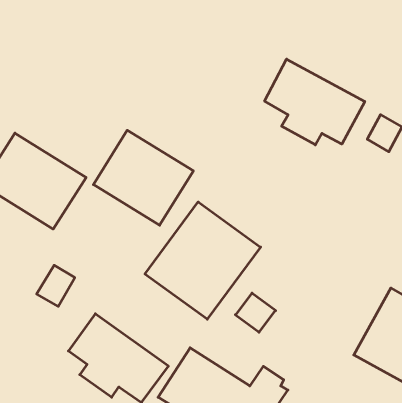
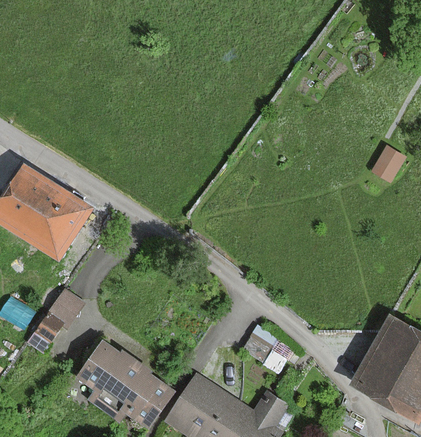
building: [265,59,365,145] -> none
building: [93,130,193,225] -> none
building: [145,202,261,319] -> none

